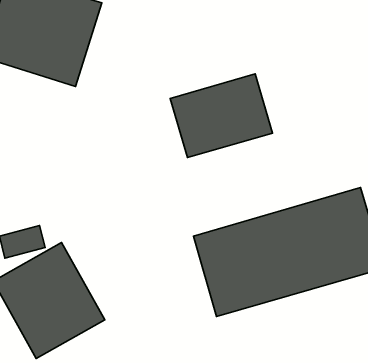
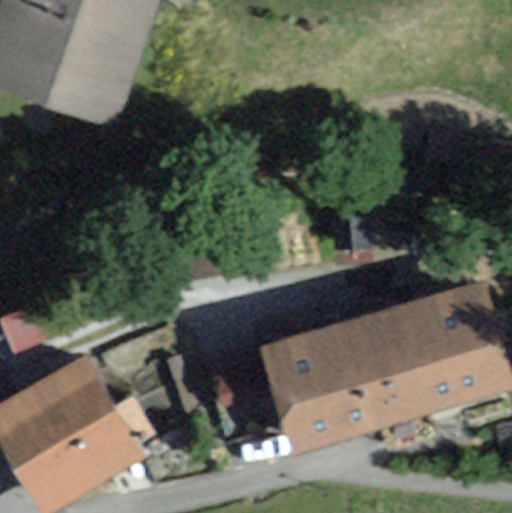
building: [170,74,272,157] -> none

